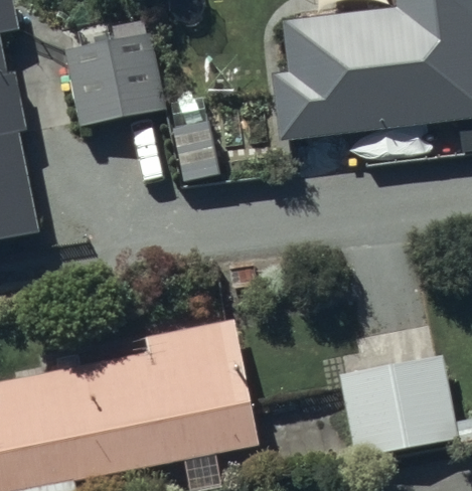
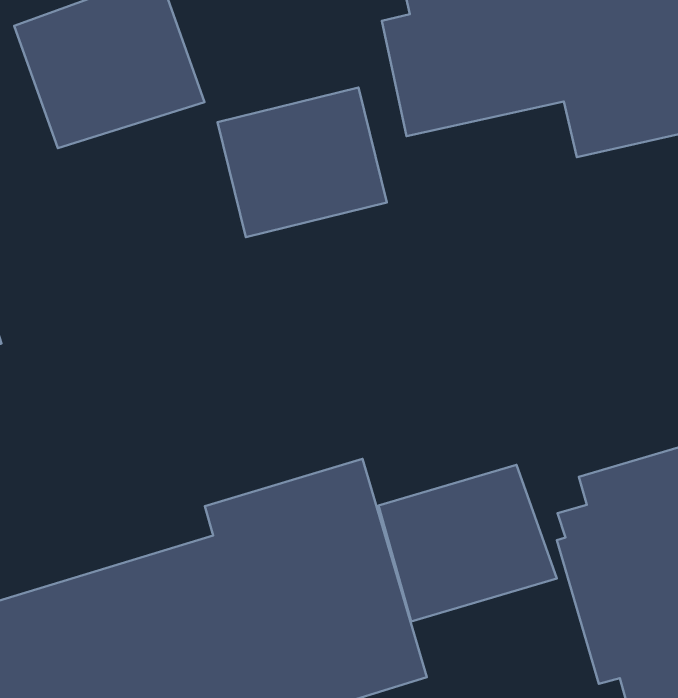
building: none -> [379,465,557,622]

